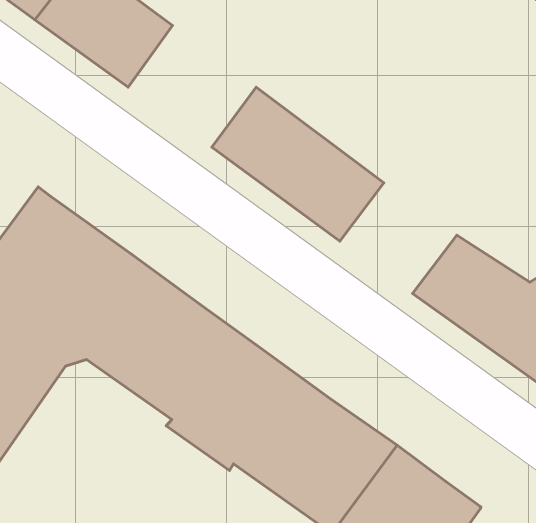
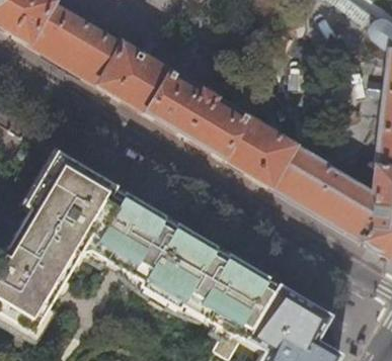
building: none -> [99,44,176,115]
building: none -> [235,127,305,192]

